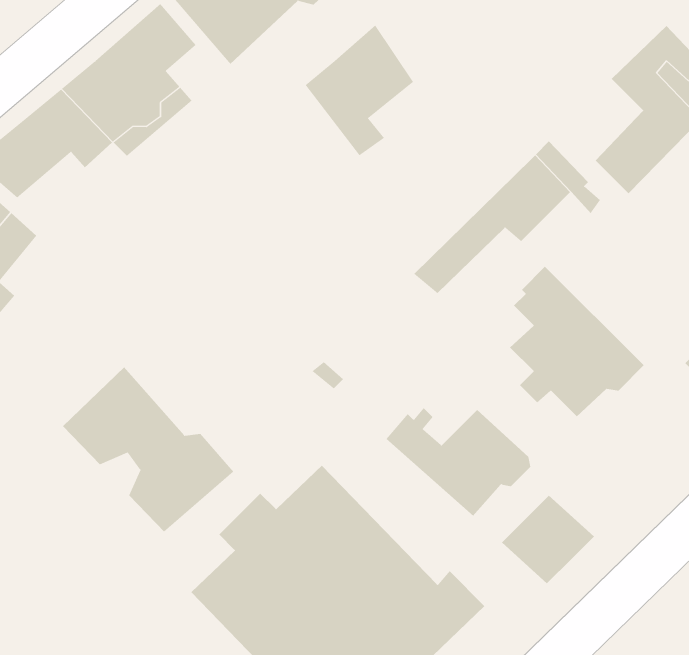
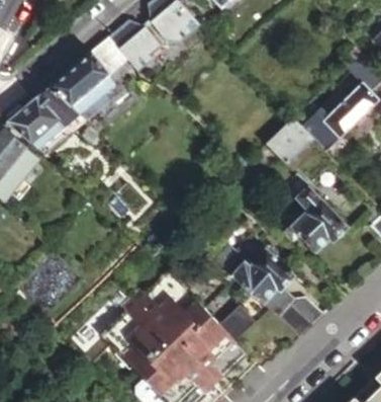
building: [305,25,414,156] -> none
building: [62,367,234,533] -> none

